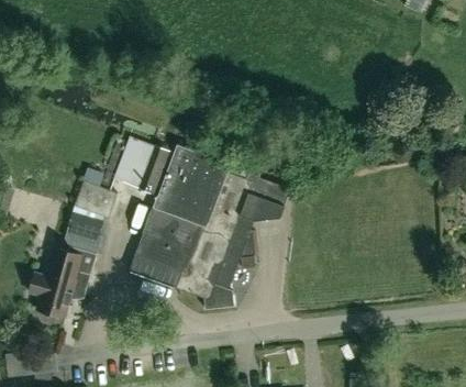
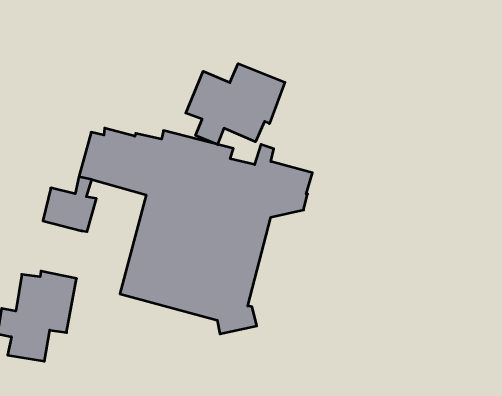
building: none -> [186,64,285,145]
building: [67,206,103,235] -> none

